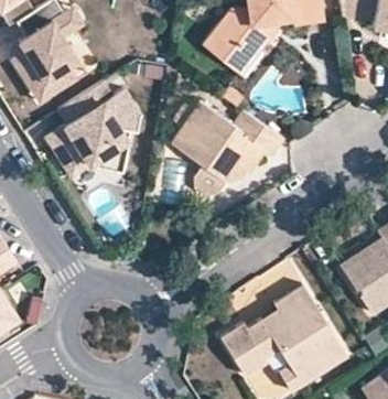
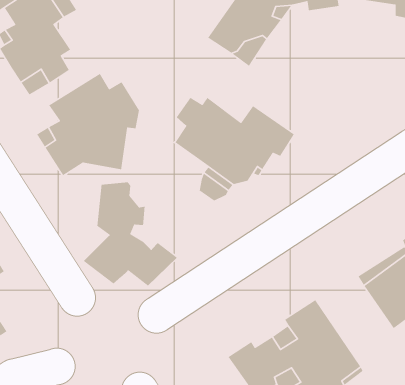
building: none -> [83,181,178,287]

